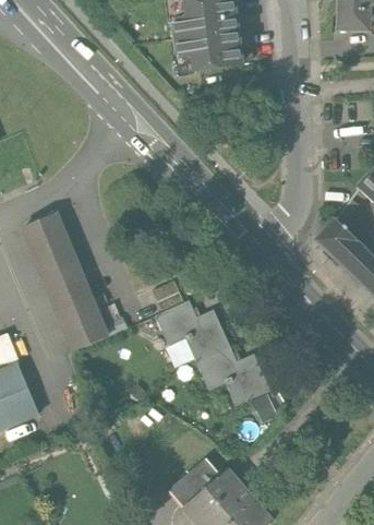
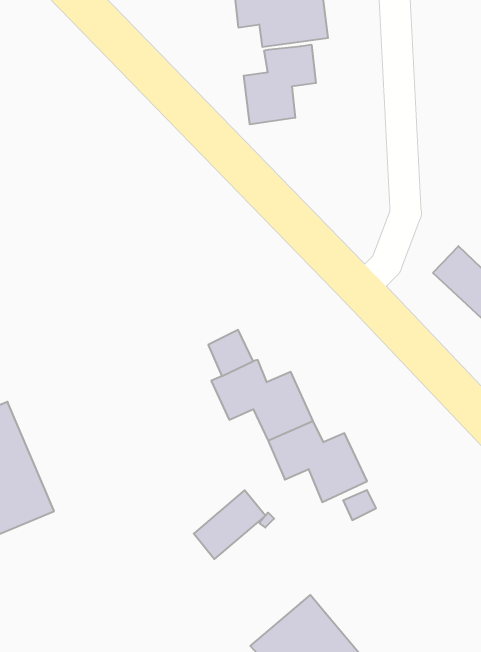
building: none -> [244,45,316,124]
building: [24,215,107,353] -> none
building: [169,461,221,511] -> [194,490,266,559]

